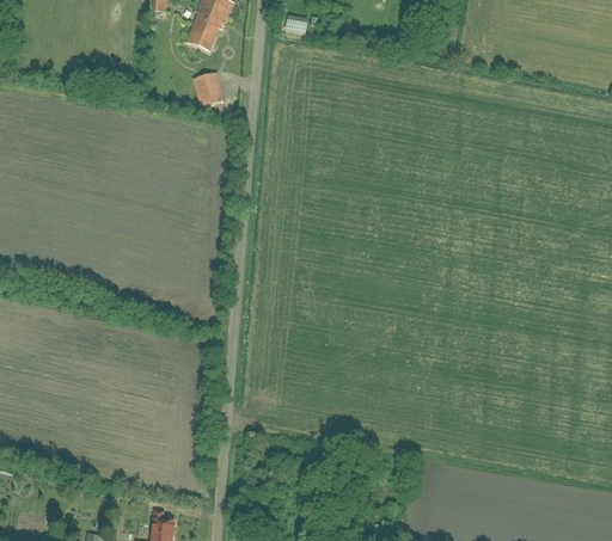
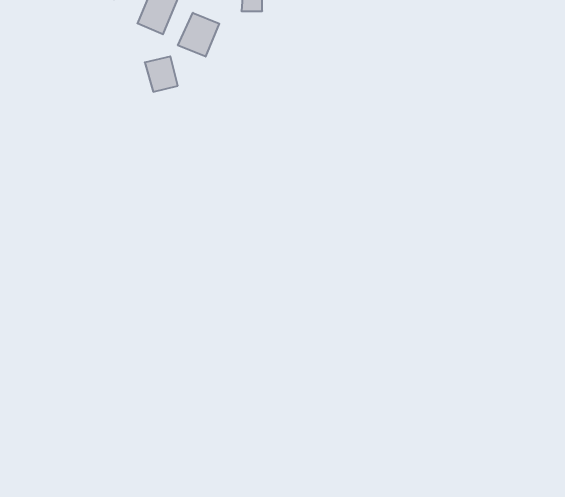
building: none -> [178,13,219,57]

